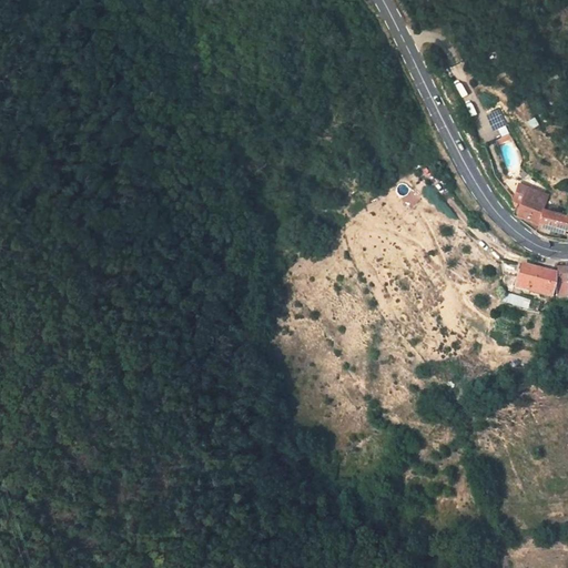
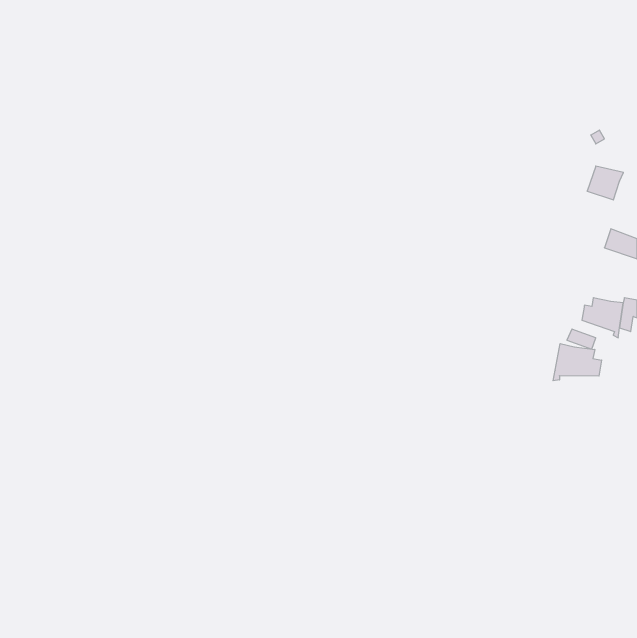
building: [513,190,545,220] -> [587,166,623,200]
building: none -> [553,344,602,381]

